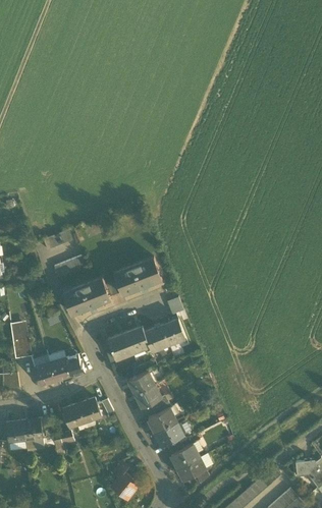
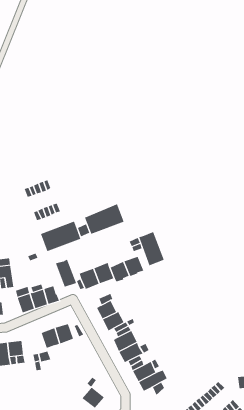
building: none -> [139,231,165,266]
building: none -> [55,259,77,288]

